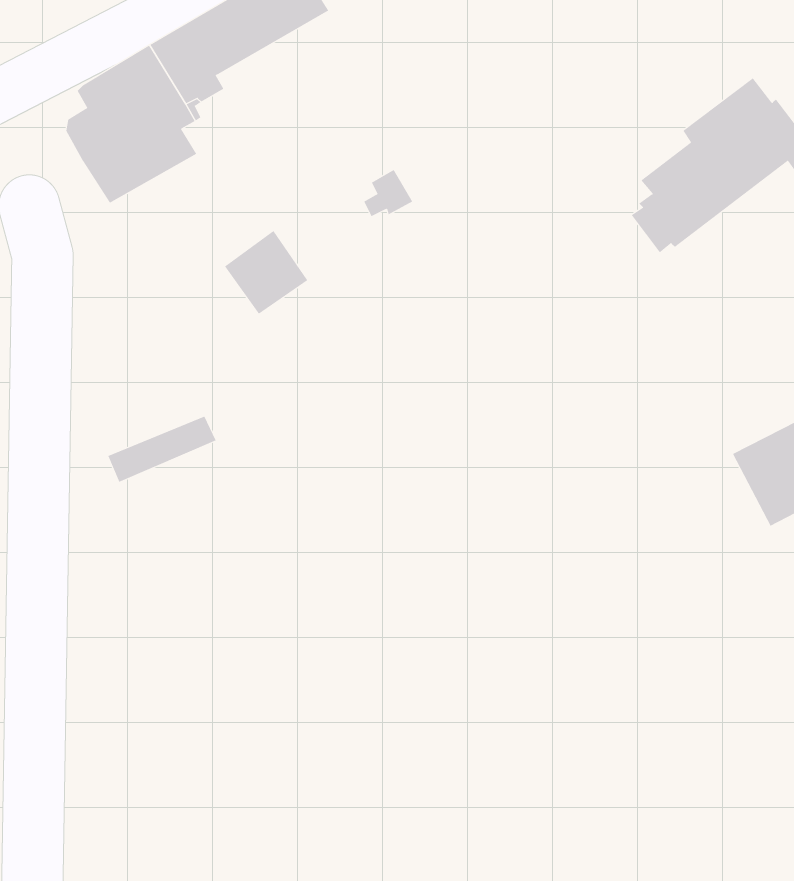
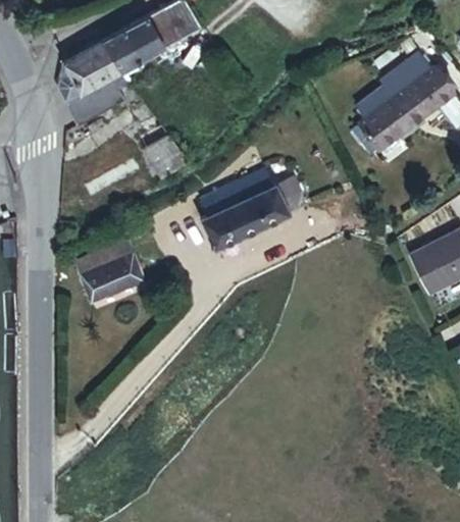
building: none -> [208,174,296,245]
building: none -> [85,251,148,299]

